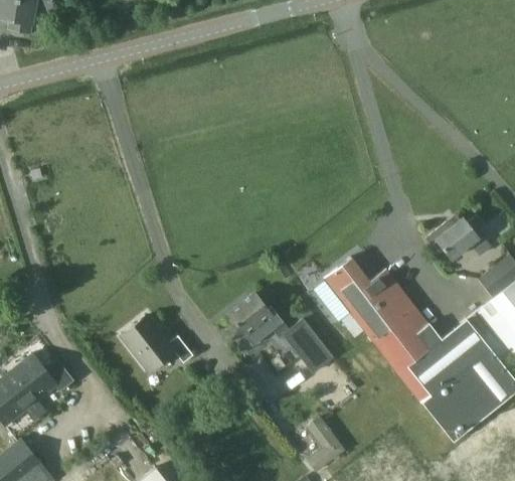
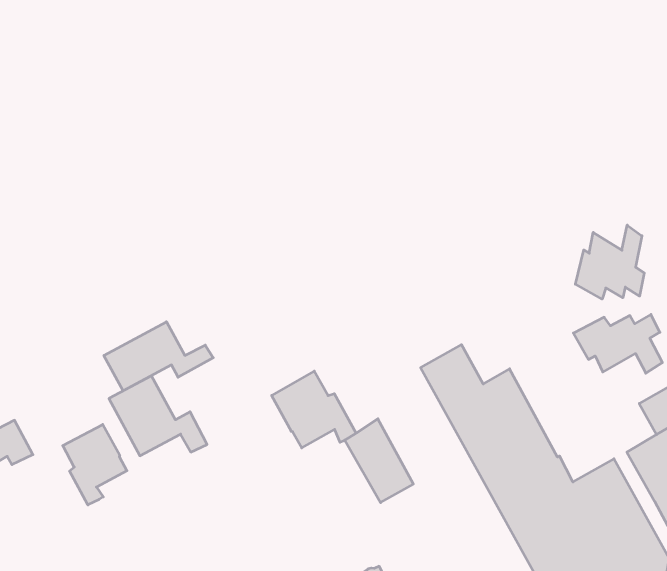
building: none -> [575,225,644,299]
building: none -> [104,322,213,391]
building: none -> [63,424,127,505]

